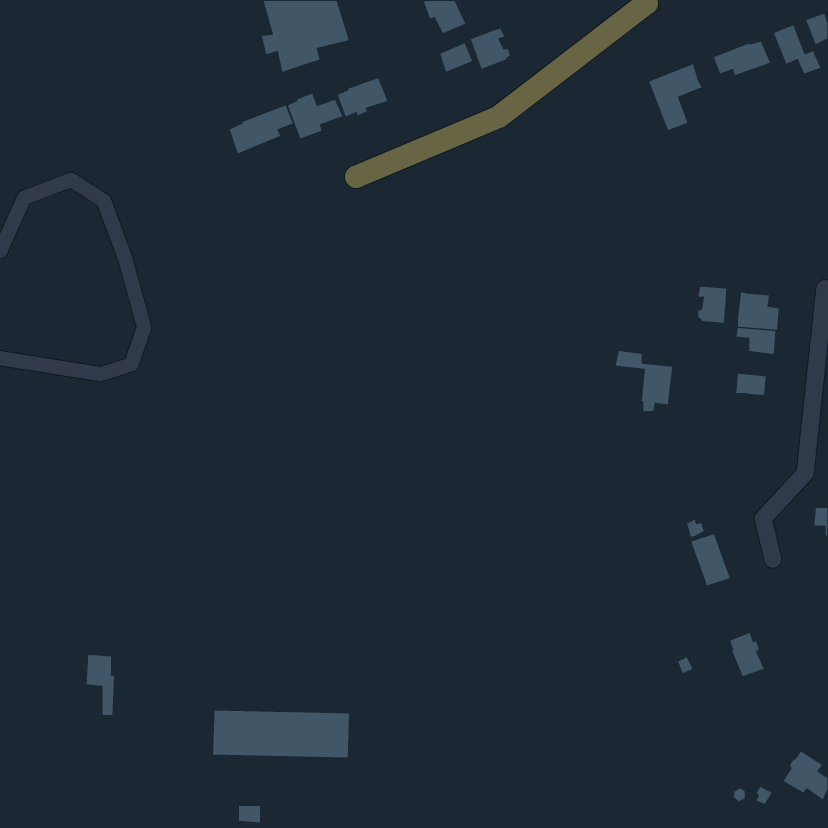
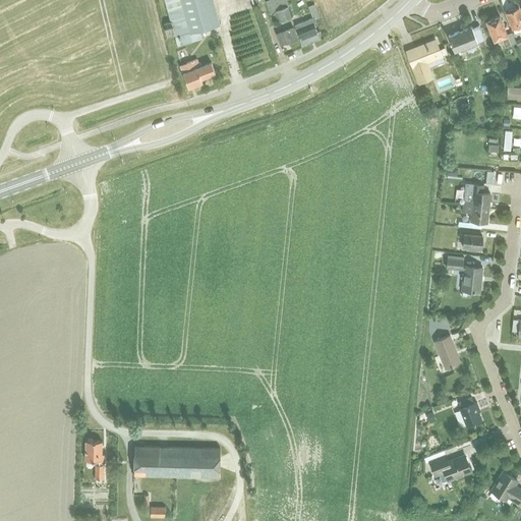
building: [337,77,388,117] -> none
building: [229,105,294,155] -> none
building: [697,286,727,323] -> none
building: [615,350,673,412] -> [445,257,481,296]
building: [86,654,115,716] -> [84,440,103,478]
building: none -> [429,454,471,480]

